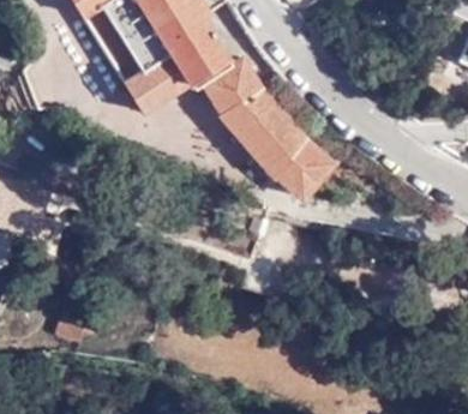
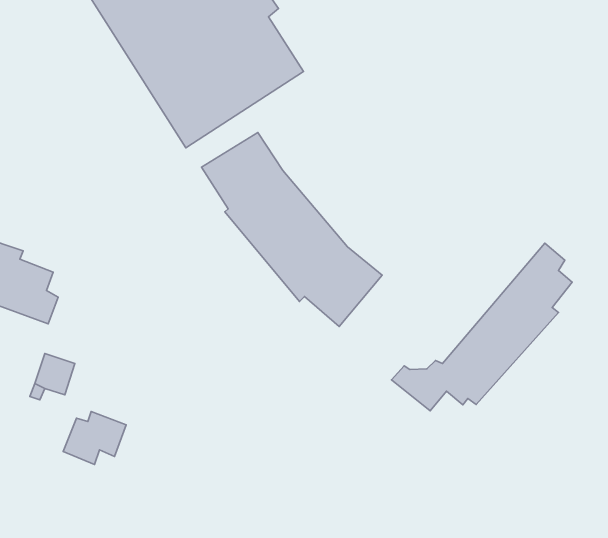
building: [203,58,334,198] -> [202,132,382,326]
building: none -> [392,243,572,411]

